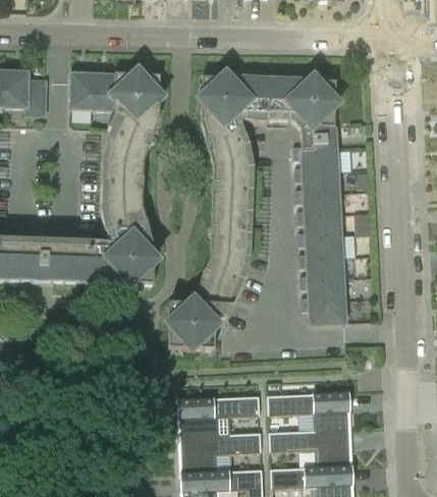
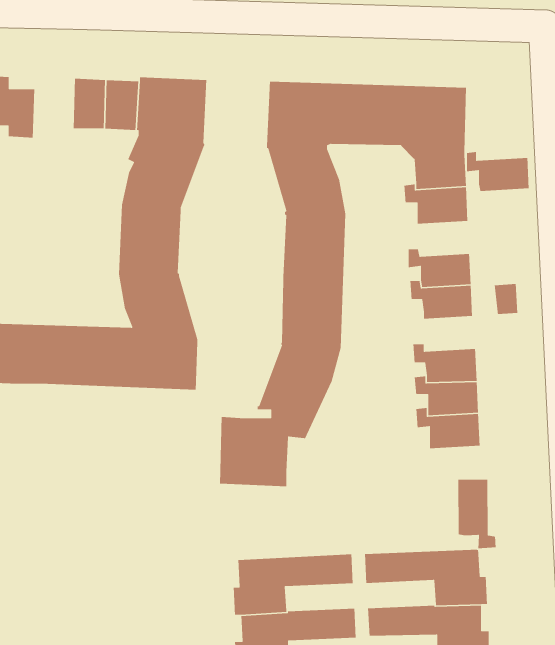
building: [295,166,338,194] -> [466,151,530,192]
building: [298,231,342,258] -> none
building: none -> [457,479,496,549]

